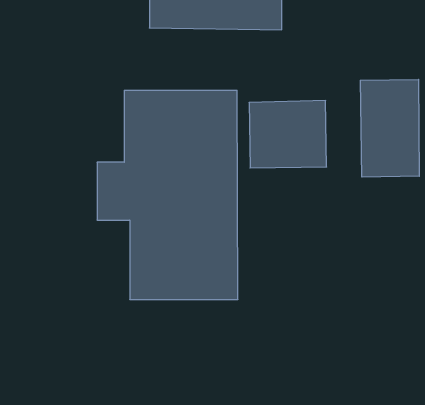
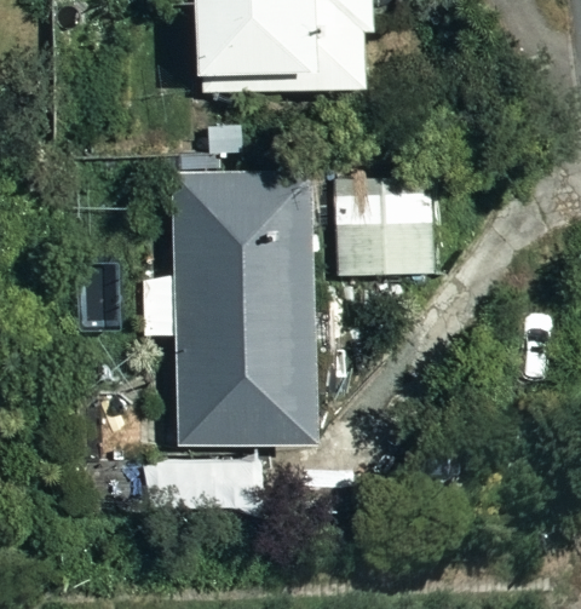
building: [360,79,419,177] -> none

